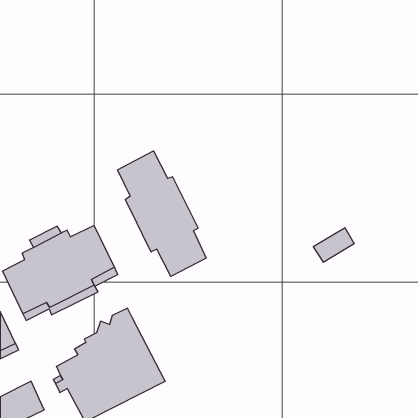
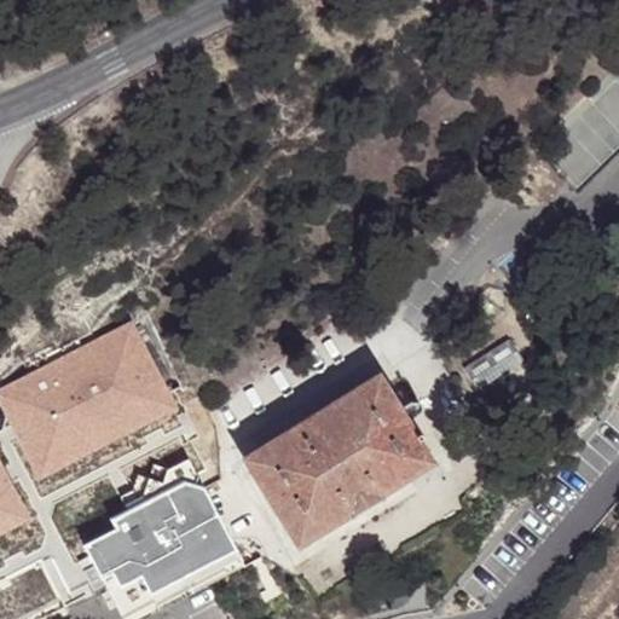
building: [118,151,206,276] -> none
building: none -> [238,374,433,550]

